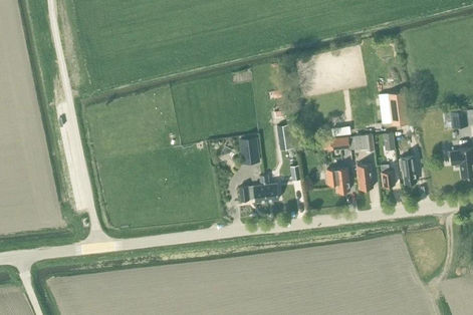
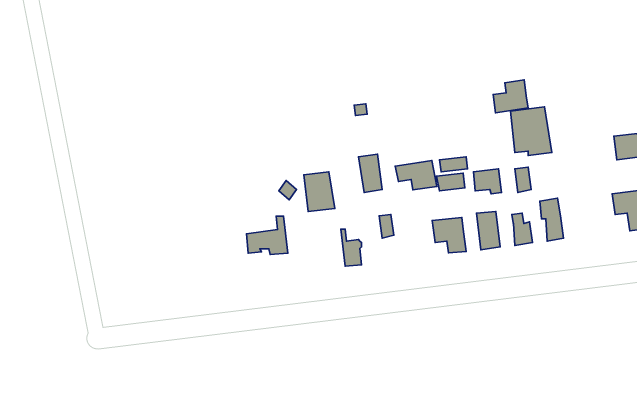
building: none -> [493,80,528,113]
building: none -> [395,161,437,190]
building: [239,176,267,202] -> [247,216,288,255]

